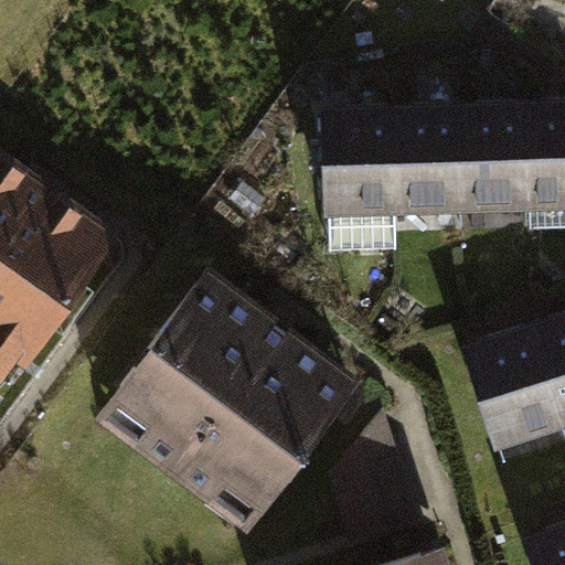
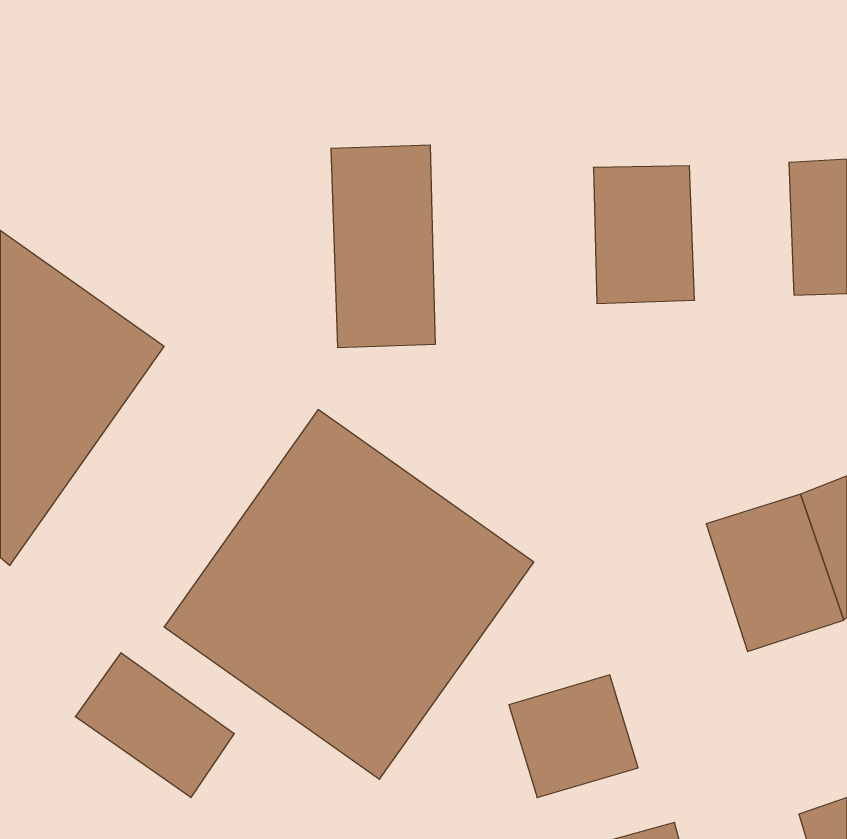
building: [459,114,529,205] -> none
building: [329,117,398,252] -> [331,145,435,347]
building: none -> [75,653,234,798]

